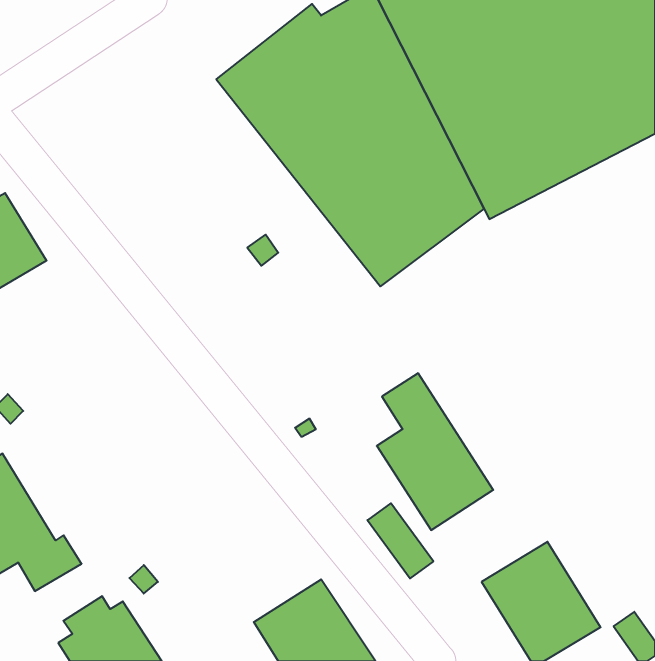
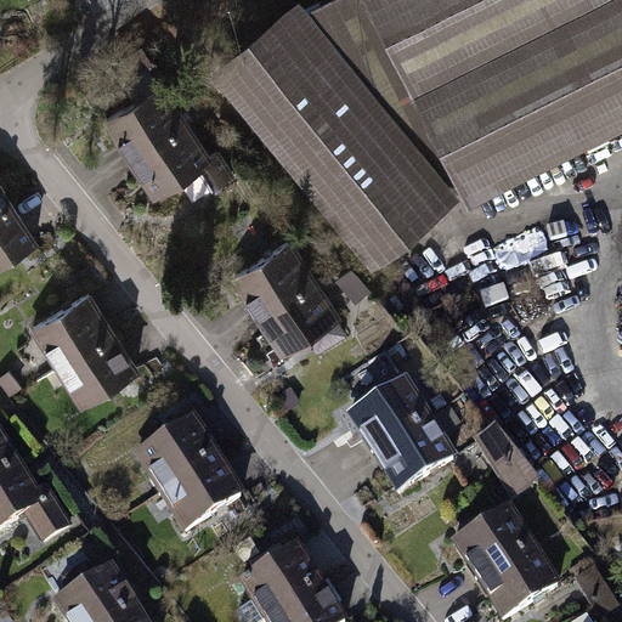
building: none -> [106,83,238,202]
building: none -> [237,243,354,357]
building: none -> [32,292,143,412]
building: none -> [134,418,244,536]
building: [367,503,433,578] -> [474,430,536,501]

